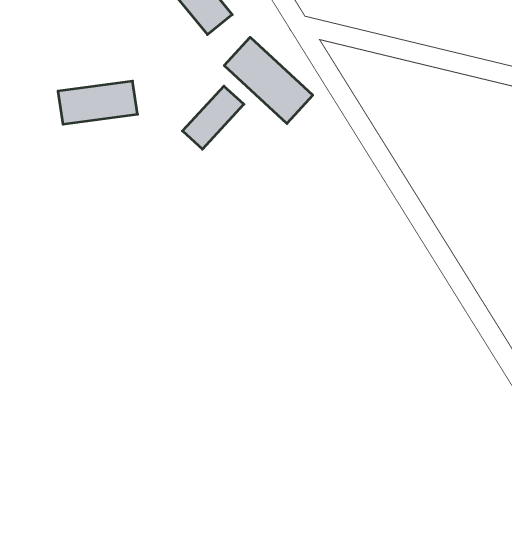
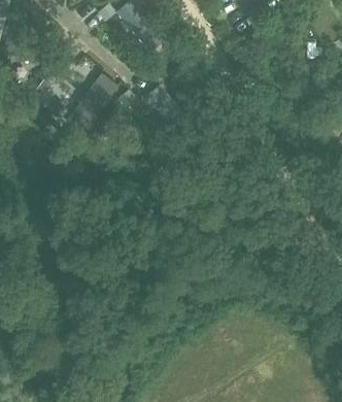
building: [224,37,313,124] -> none

